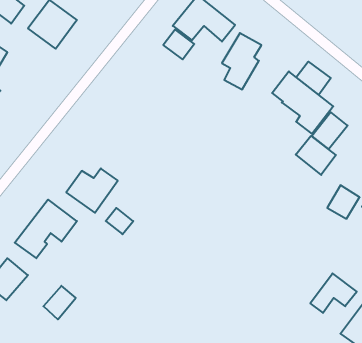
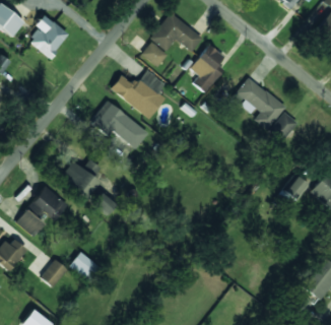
building: [296,62,331,95] -> none
building: none -> [111,69,168,115]
building: none -> [91,101,149,149]
building: [296,136,336,175] -> none
building: [310,273,357,313] -> none
building: none -> [69,252,100,281]

